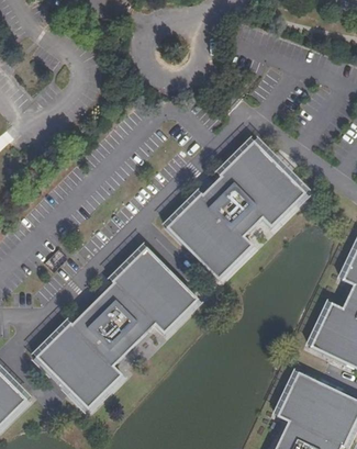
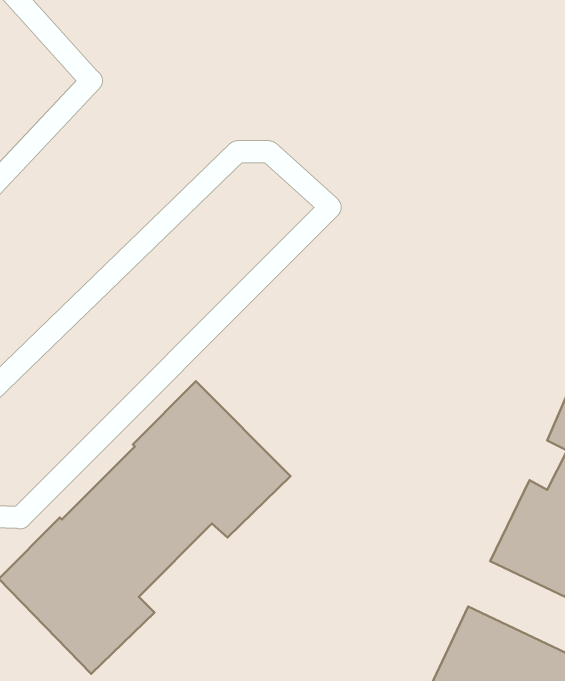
building: [165,138,304,278] -> none

